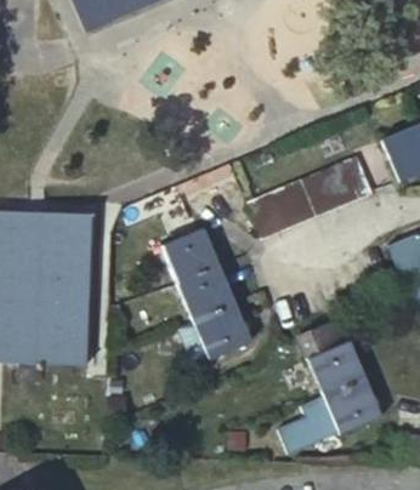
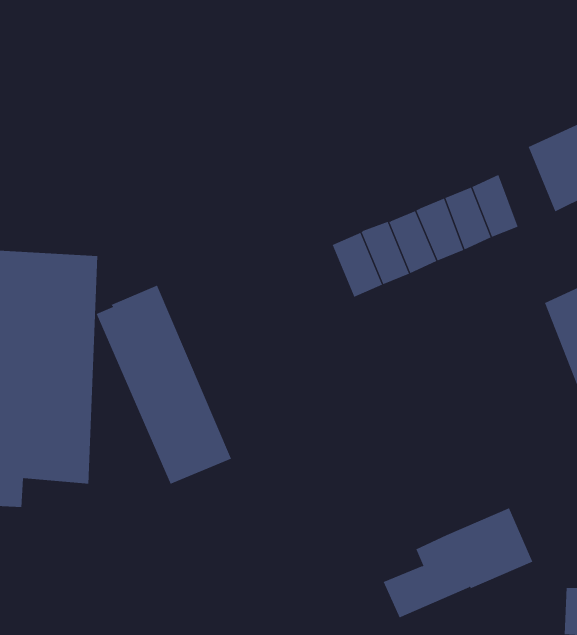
building: [161,226,252,359] -> [96,285,232,484]
building: [300,324,369,399] -> none

